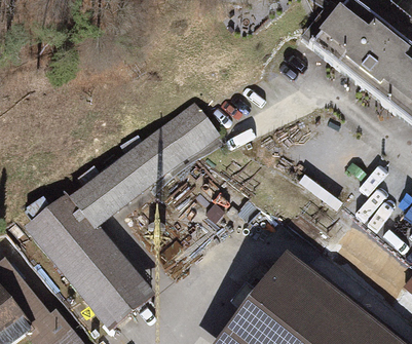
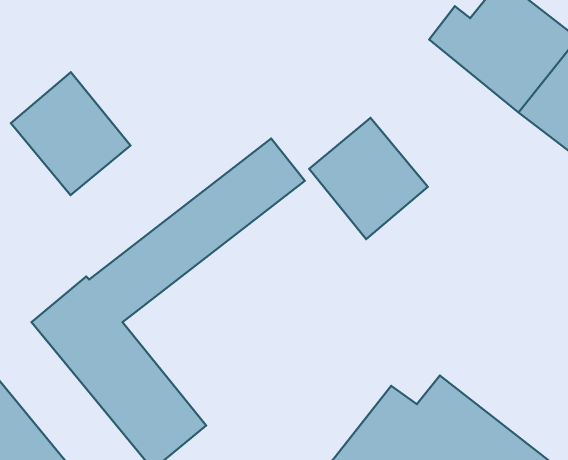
building: none -> [11,72,130,195]
building: none -> [309,118,428,239]

